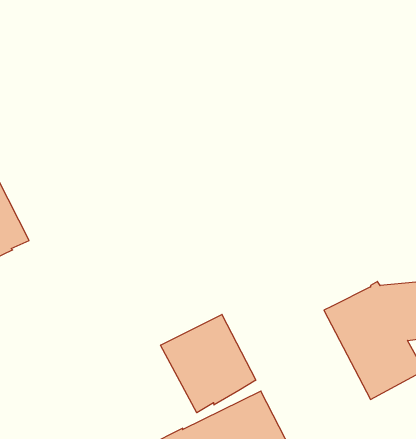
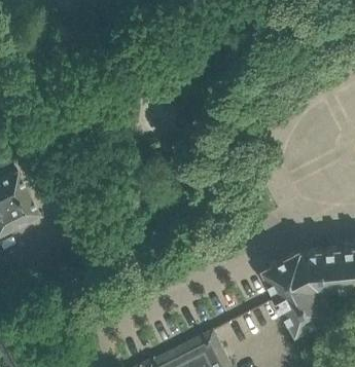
building: [161,314,256,413] -> none

